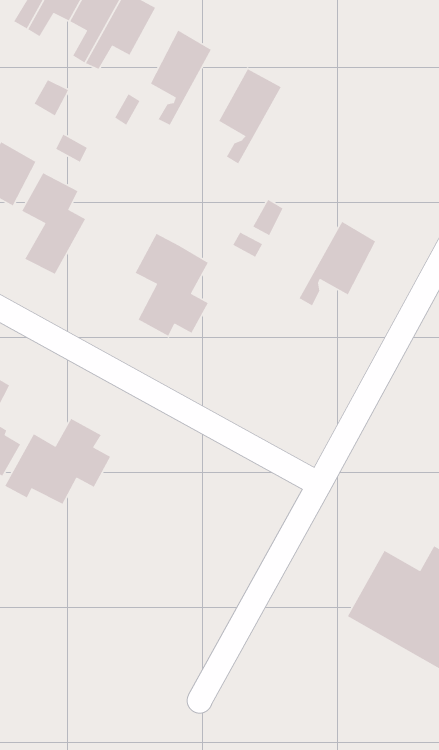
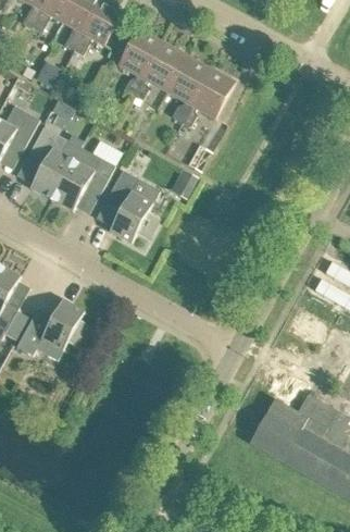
building: none -> [132,40,186,99]
building: none -> [51,152,114,210]
building: [299,221,376,306] -> [179,66,234,126]

